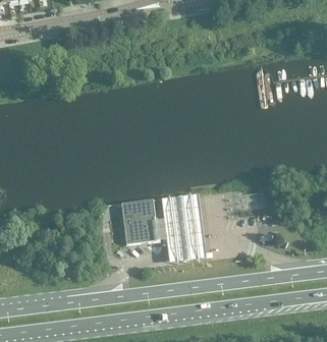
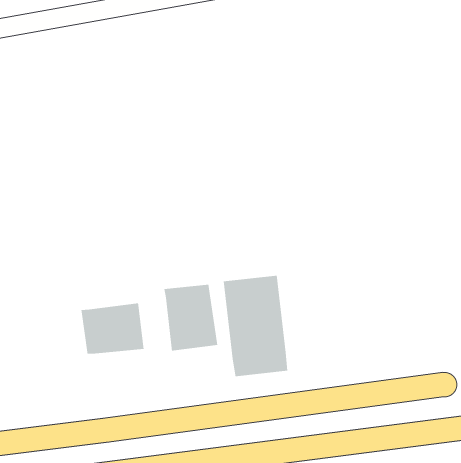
building: none -> [81,302,144,355]

